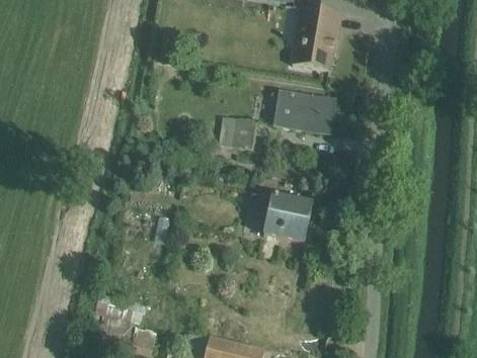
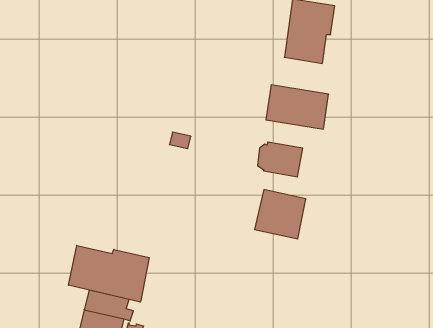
building: [213,114,257,149] -> [258,142,303,177]
building: none -> [68,245,149,302]

